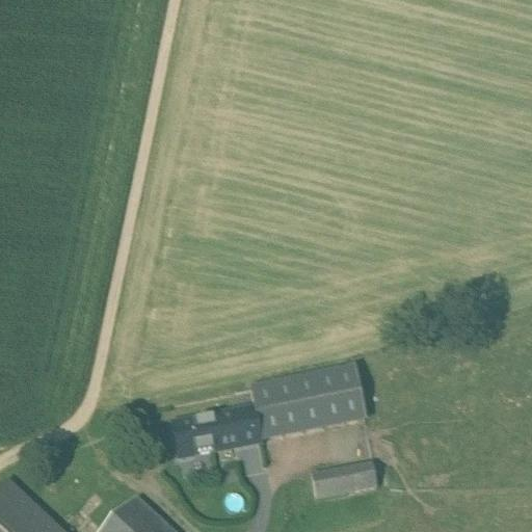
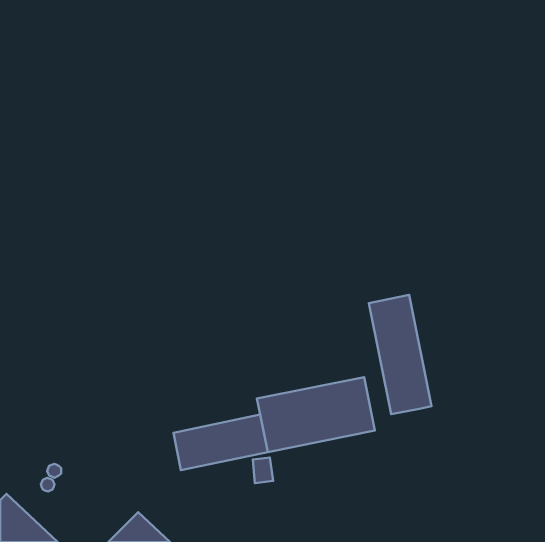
building: none -> [369,295,431,414]
building: [313,461,378,498] -> none

